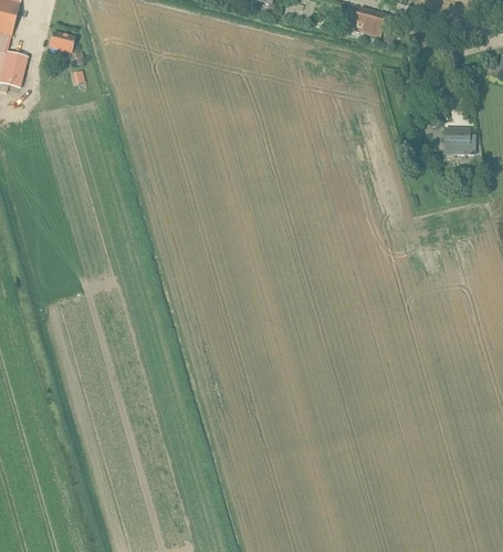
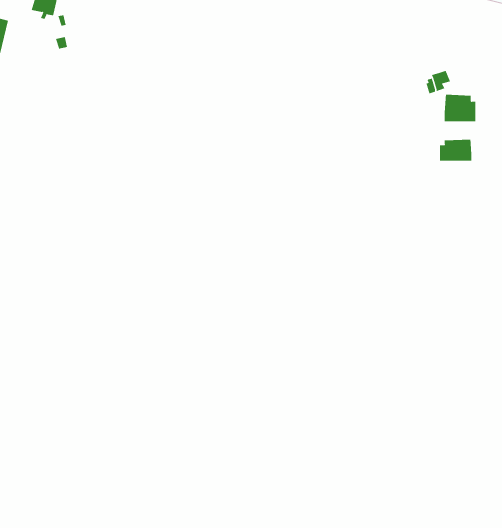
building: none -> [440,139,472,162]

